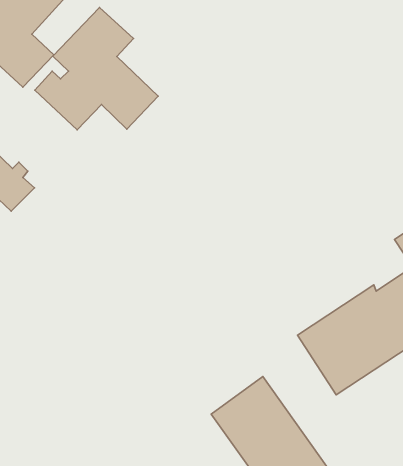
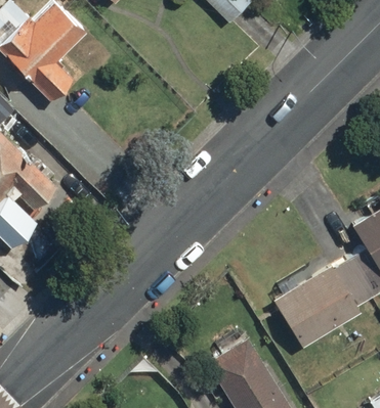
building: [35,8,158,130] -> none

